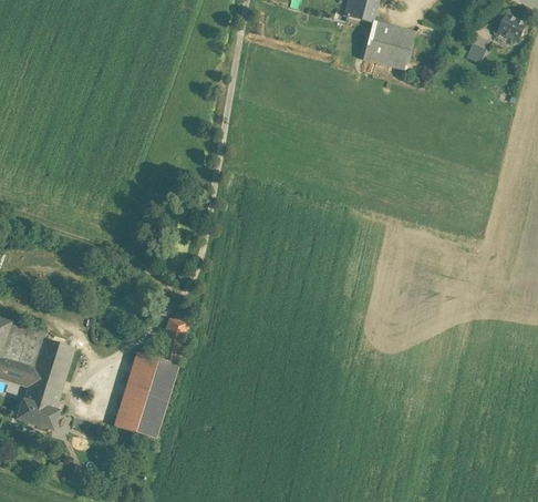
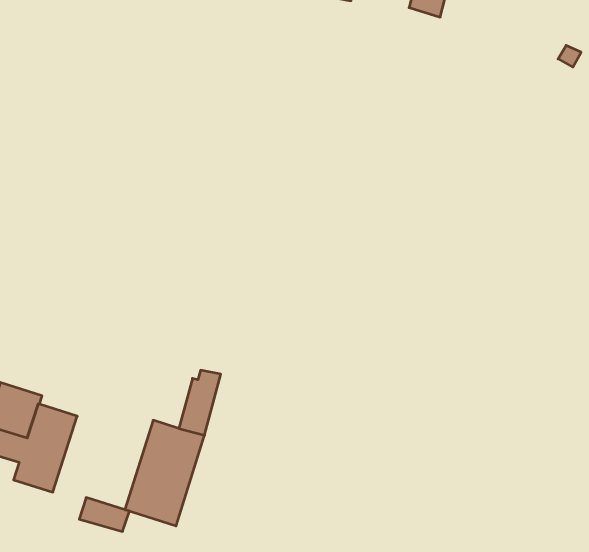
building: [362,20,414,70] -> none
building: [17,400,58,428] -> [79,498,129,531]

